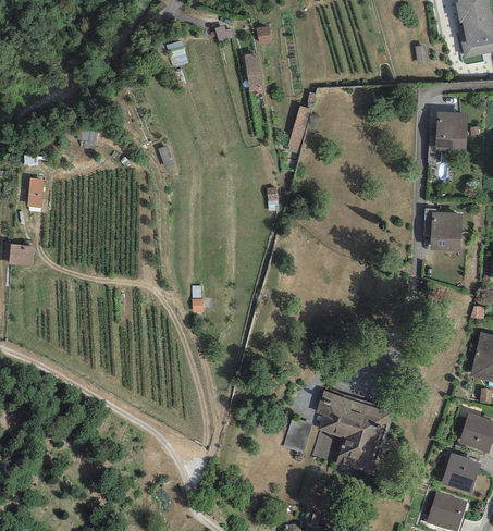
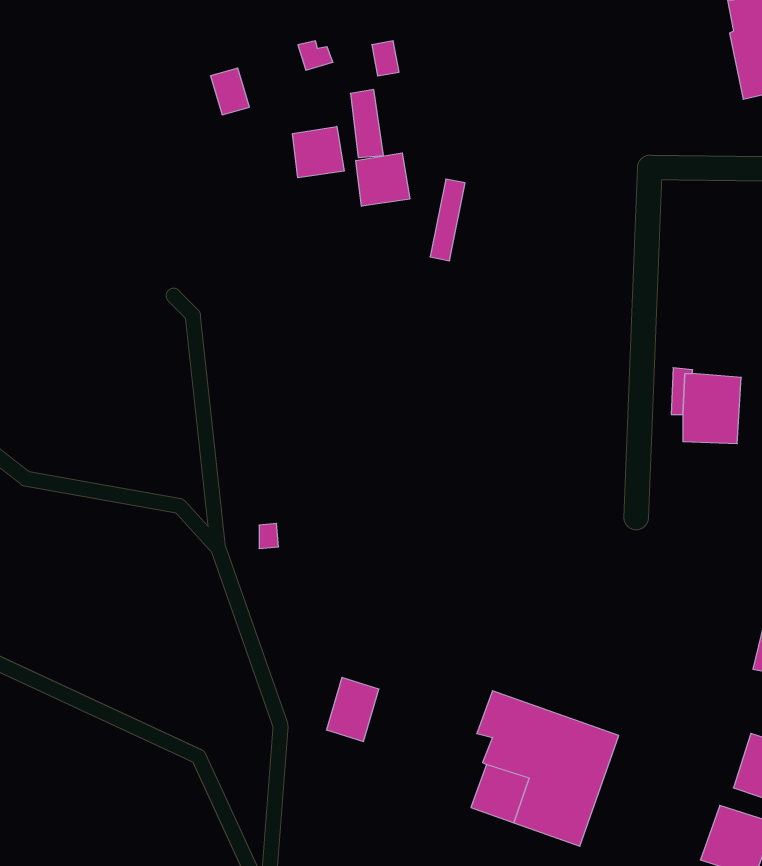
building: none -> [293,126,344,178]
building: none -> [356,153,410,206]
building: [435,111,467,151] -> none
building: [282,417,311,453] -> [326,677,379,742]

